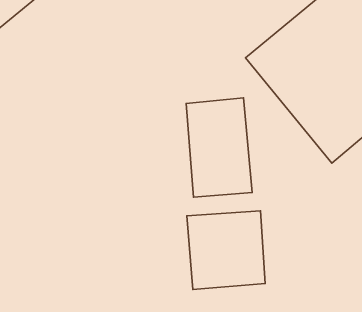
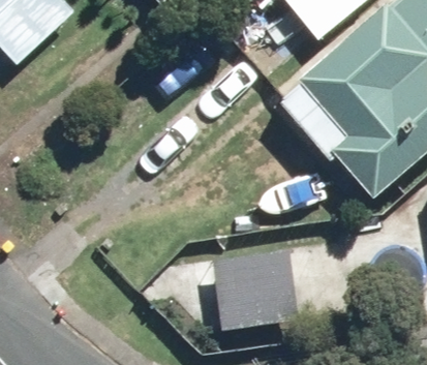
building: [186,98,252,197] -> none

